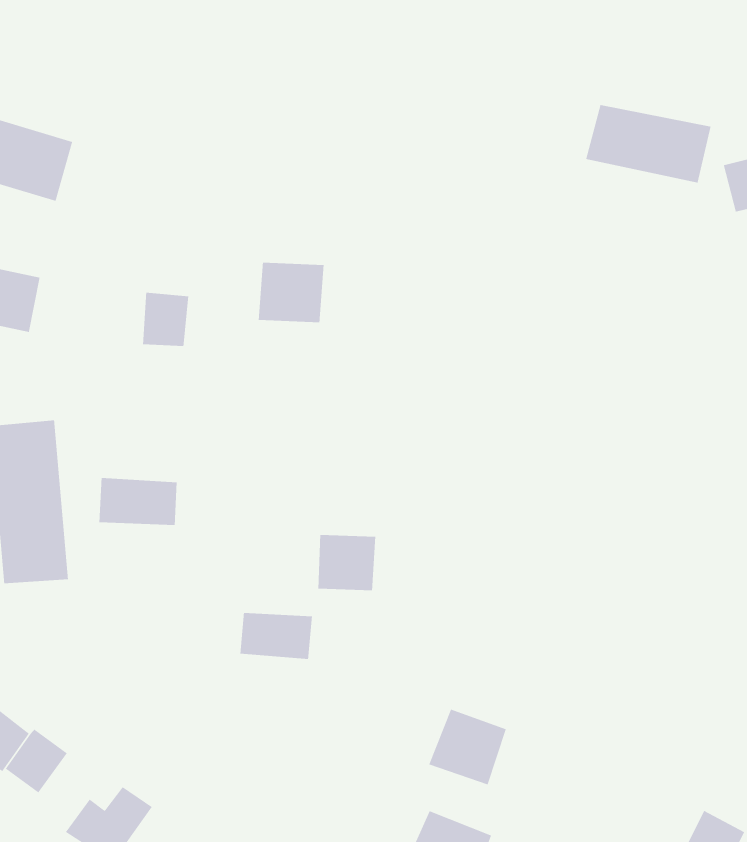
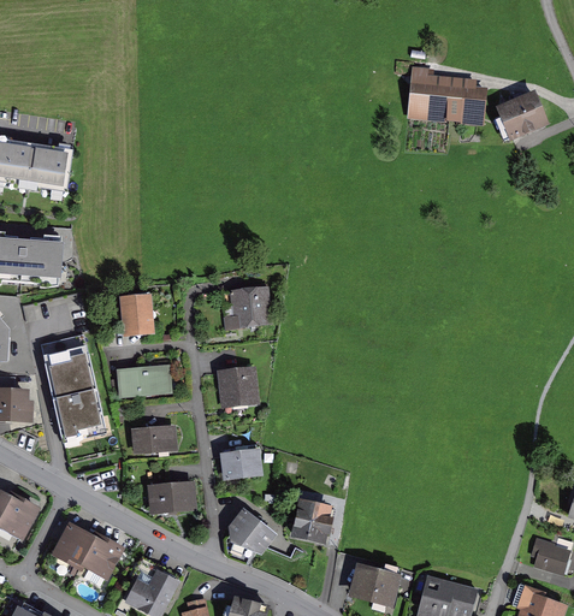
building: [258,262,324,323] -> [225,286,268,328]
building: [142,292,189,347] -> [124,296,154,332]
building: [318,534,376,591] -> [215,371,255,410]
building: none -> [132,424,176,454]
building: none -> [150,480,195,515]
building: [428,709,507,786] -> [288,498,336,545]
building: none -> [227,507,278,556]

